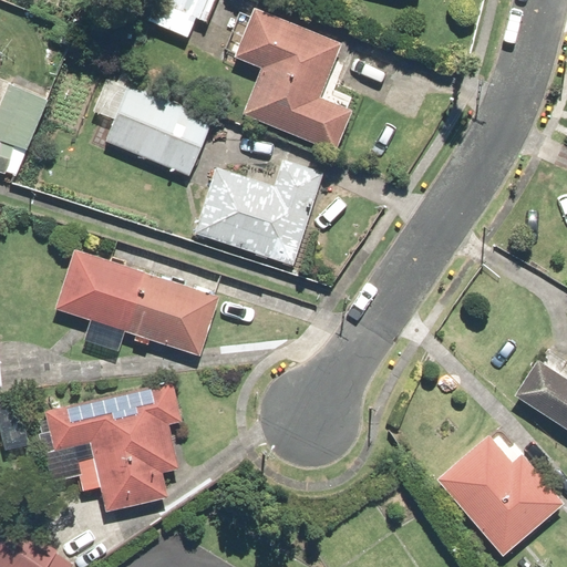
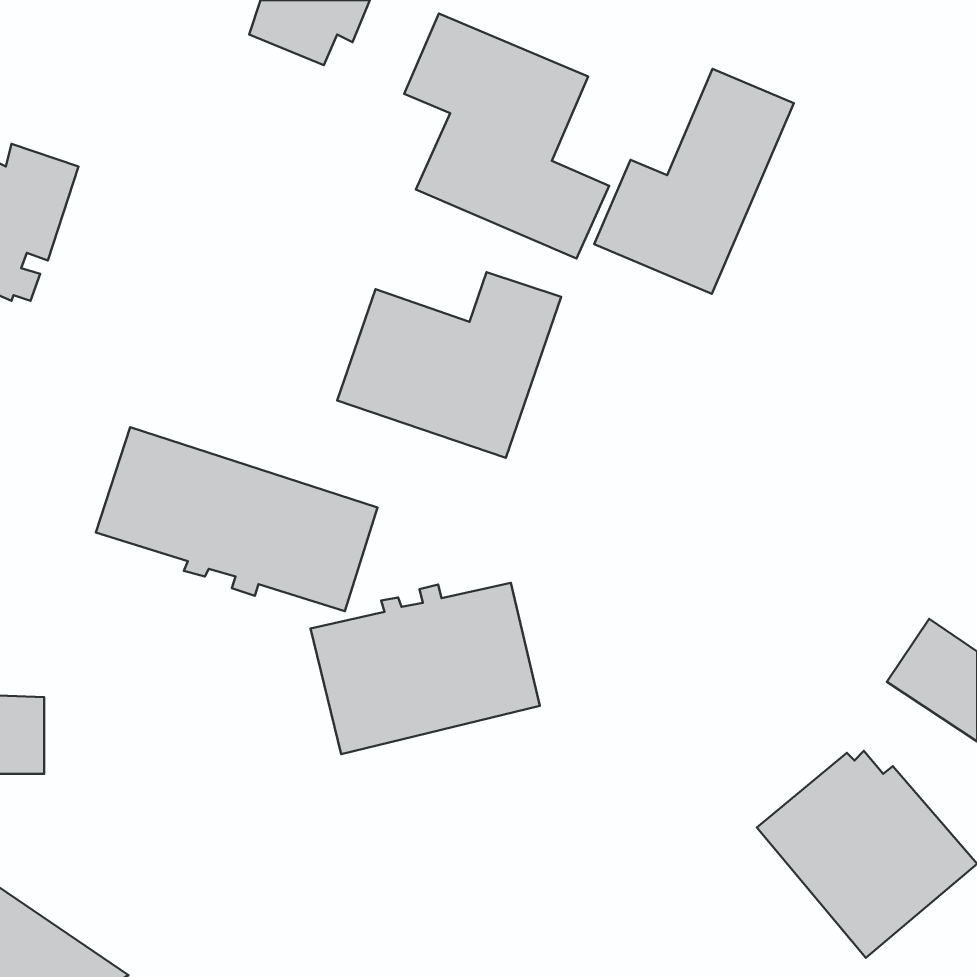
building: none -> [594,69,794,294]
building: [93,81,214,177] -> none
building: none -> [311,583,540,754]
building: [48,382,182,513] -> none

